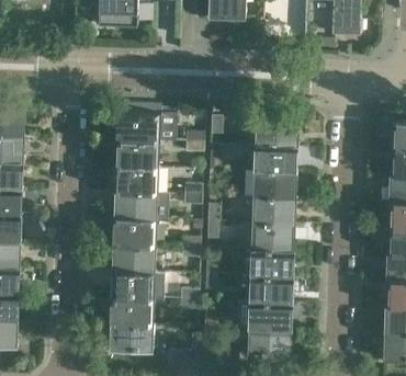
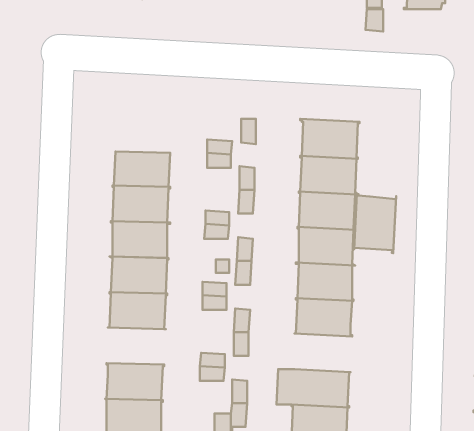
building: [116,111,176,140] -> none
building: none -> [354,194,396,253]
building: [111,270,165,298] -> none
building: [250,274,293,303] -> none

